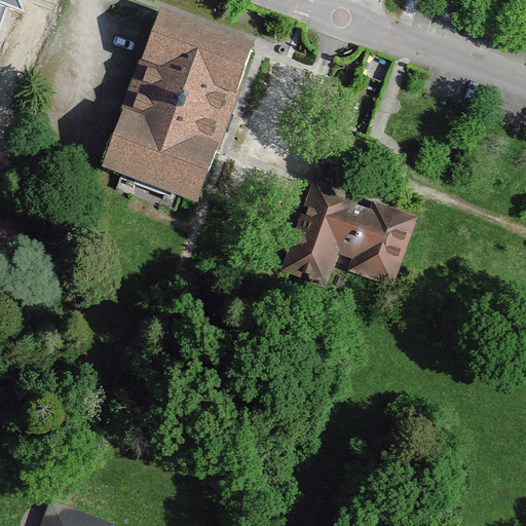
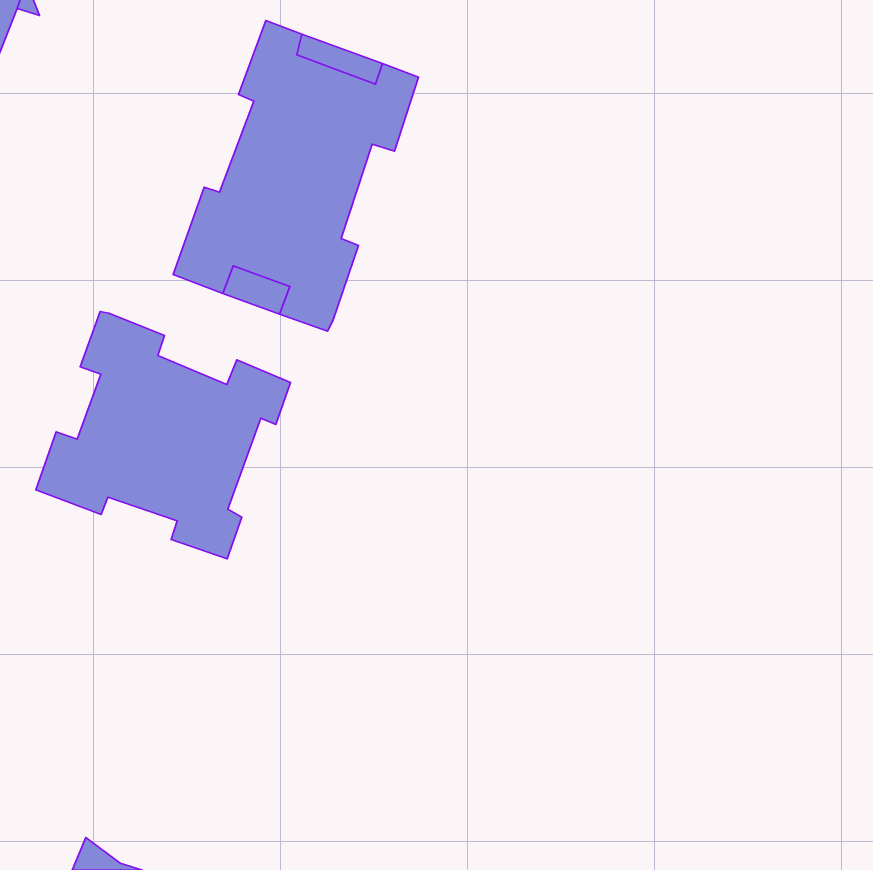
building: [288,185,410,277] -> none
building: none -> [36,312,291,559]

